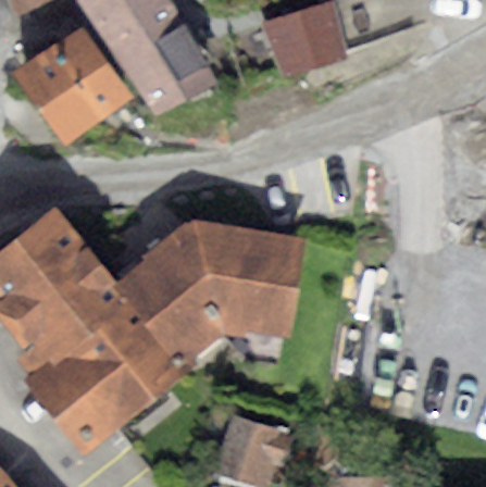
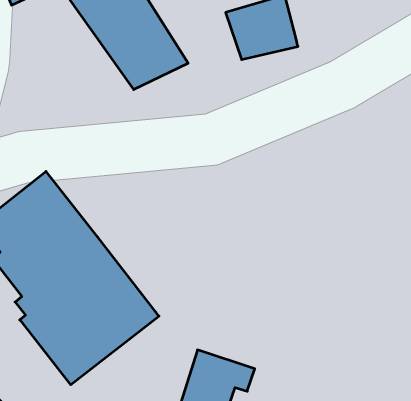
building: [12,27,137,148] -> none
building: [114,220,301,370] -> none

